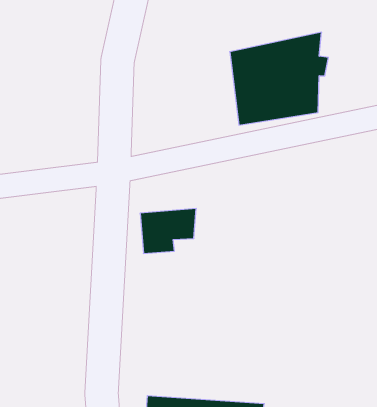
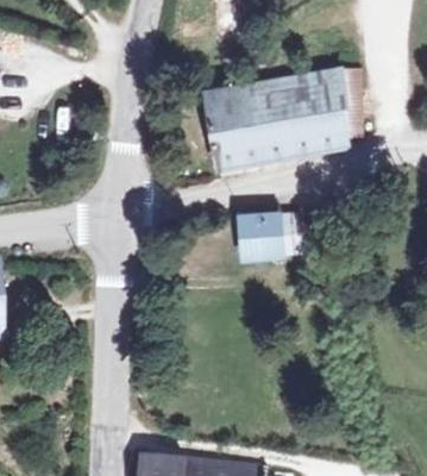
building: none -> [207,92,258,175]
building: [140,209,196,253] -> [247,208,306,255]

